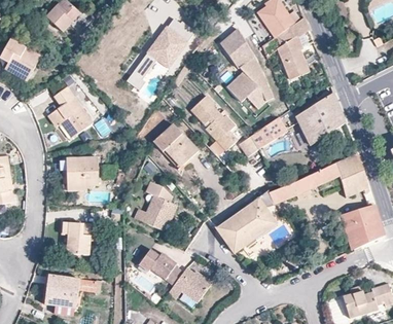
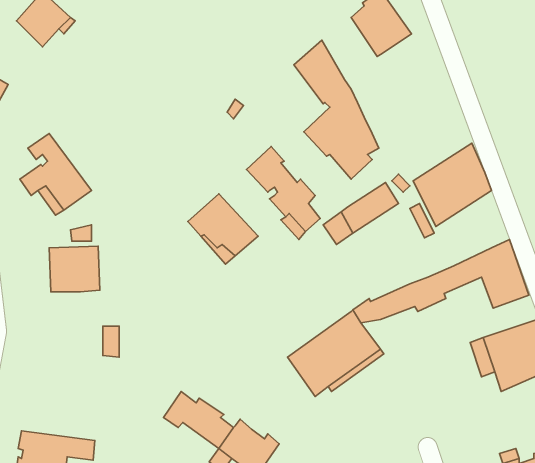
building: [124,17,195,93] -> none
building: [276,17,312,79] -> none
building: [134,181,177,230] -> none
building: [61,221,98,254] -> none

